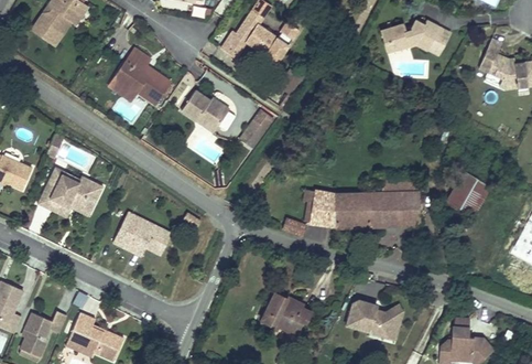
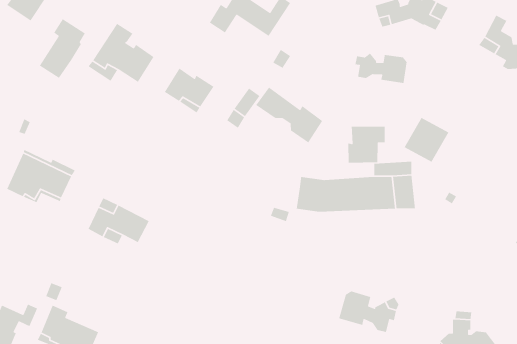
building: none -> [39,18,86,79]
building: none -> [355,53,407,84]
building: none -> [255,86,323,144]
building: none -> [348,126,385,164]
building: [444,168,487,211] -> [404,117,449,163]
building: [253,289,303,328] -> none

